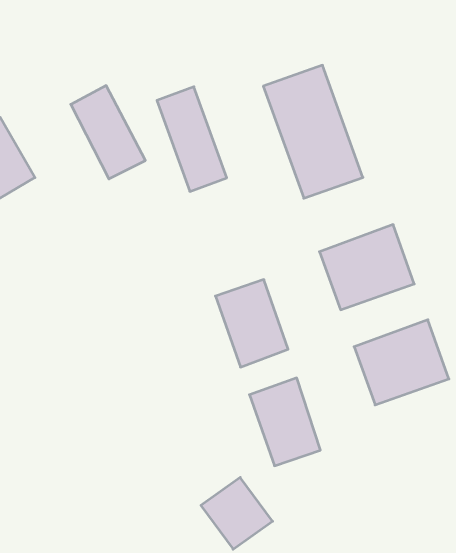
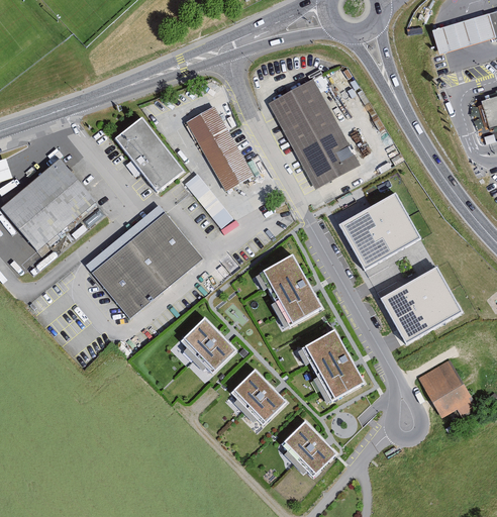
building: none -> [184,172,236,230]
building: none -> [85,203,202,315]
building: none -> [178,317,237,377]
building: none -> [227,369,288,428]
building: none -> [416,359,476,419]

